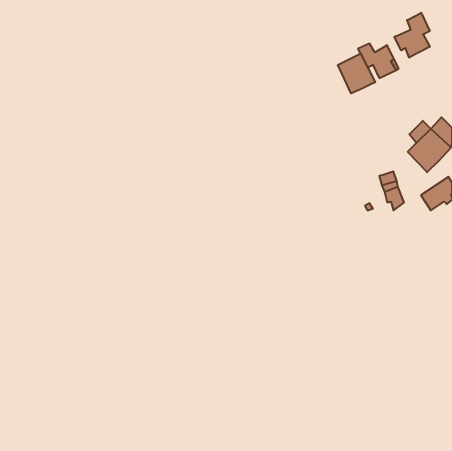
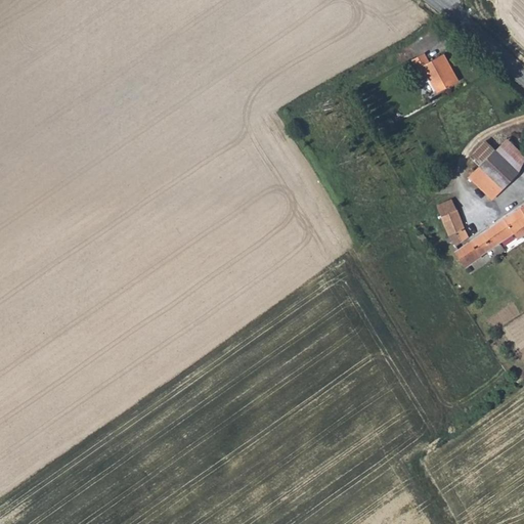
building: [394,13,430,58] -> none
building: [338,54,375,93] -> none
building: none -> [452,228,496,269]

